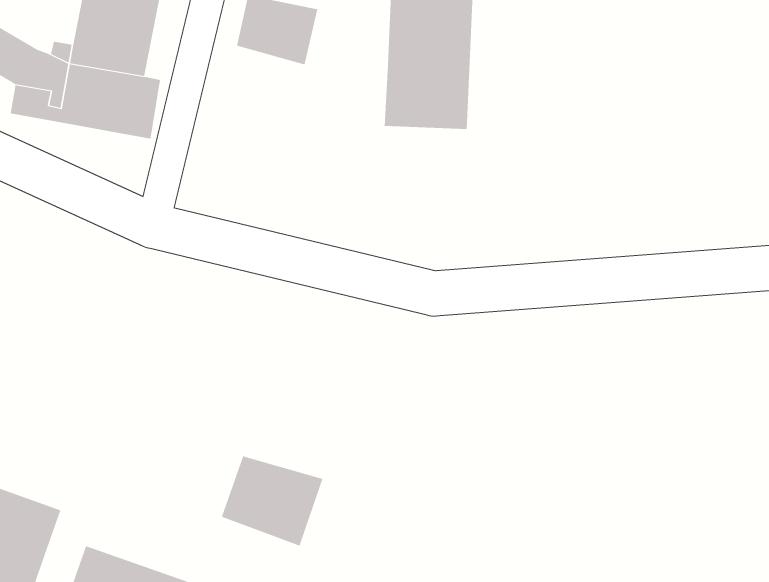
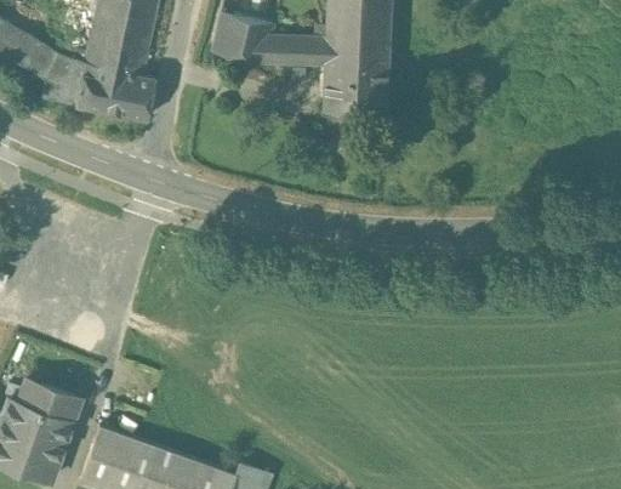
building: none -> [264,33,327,64]
building: [221,455,323,546] -> none

